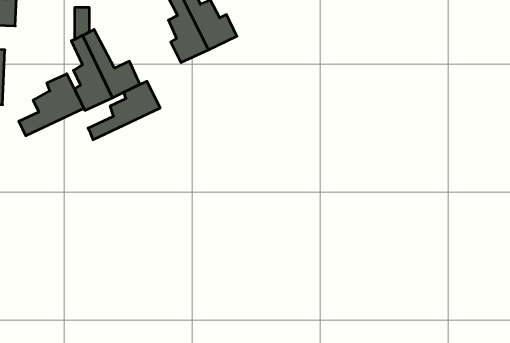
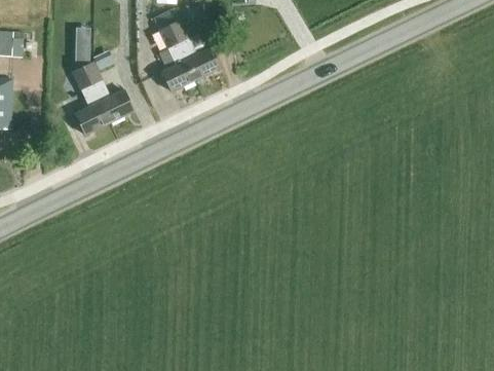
building: [19,74,84,136] -> none
building: [88,81,160,140] -> none

